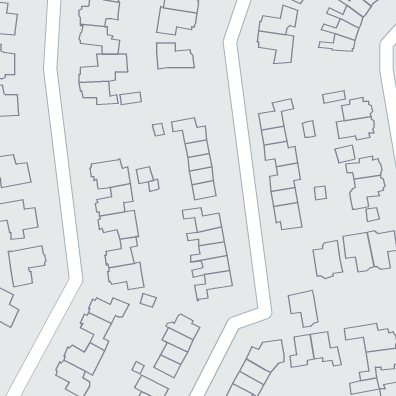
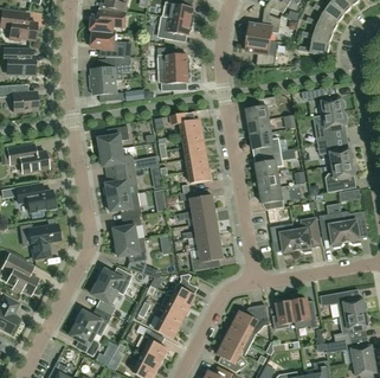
building: none -> [157,69,189,91]
building: none -> [96,126,129,153]
building: [288,290,318,327] -> [270,223,296,255]

